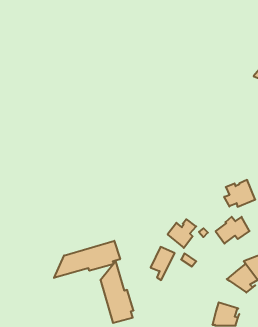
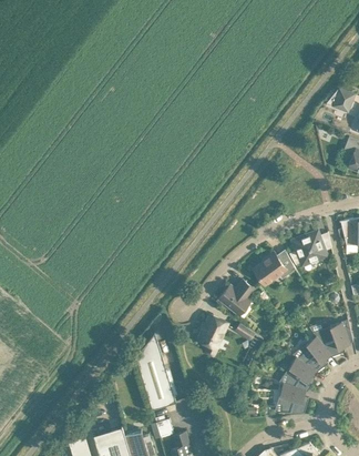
building: [216,217,250,244] -> [254,253,296,286]
building: [54,241,120,278] -> none
building: none -> [279,358,317,393]

